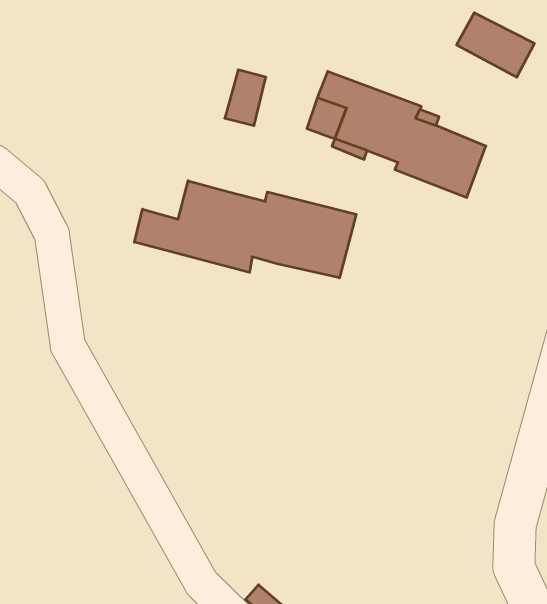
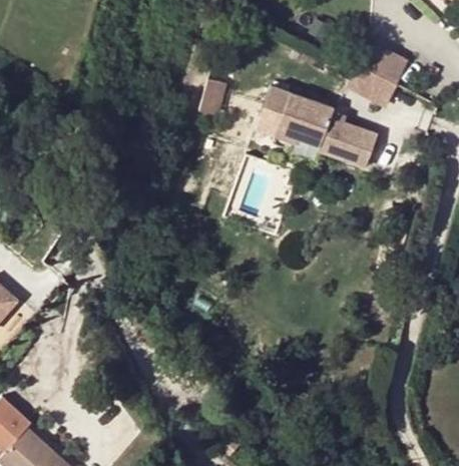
building: none -> [346,63,398,108]
building: [134,181,356,278] -> none

